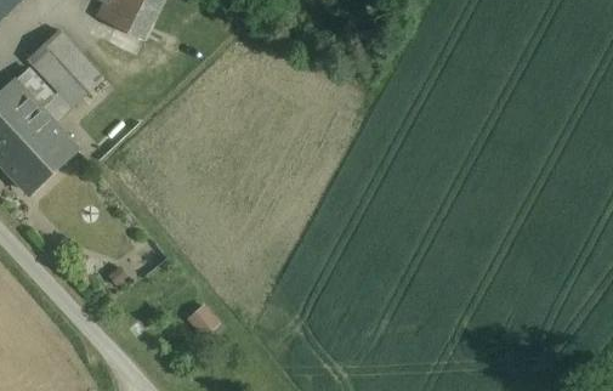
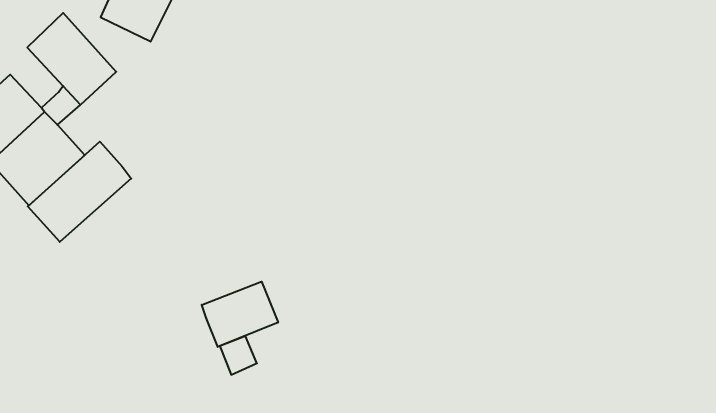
building: [12,68,53,109] -> none
building: none -> [28,142,131,242]
building: none -> [202,282,278,347]

